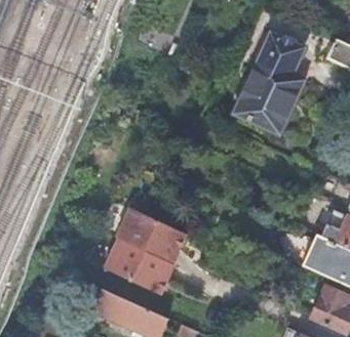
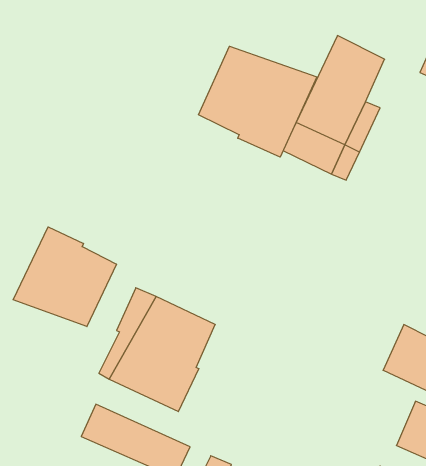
building: none -> [198,46,317,157]
building: none -> [13,227,116,327]

